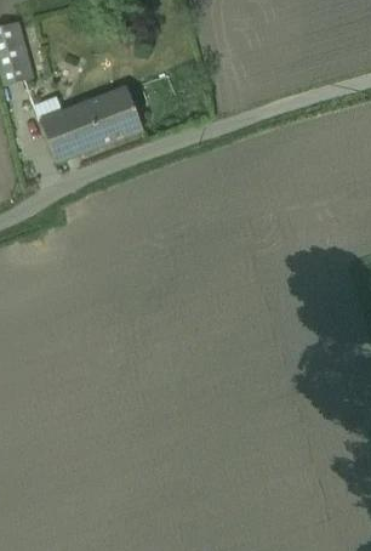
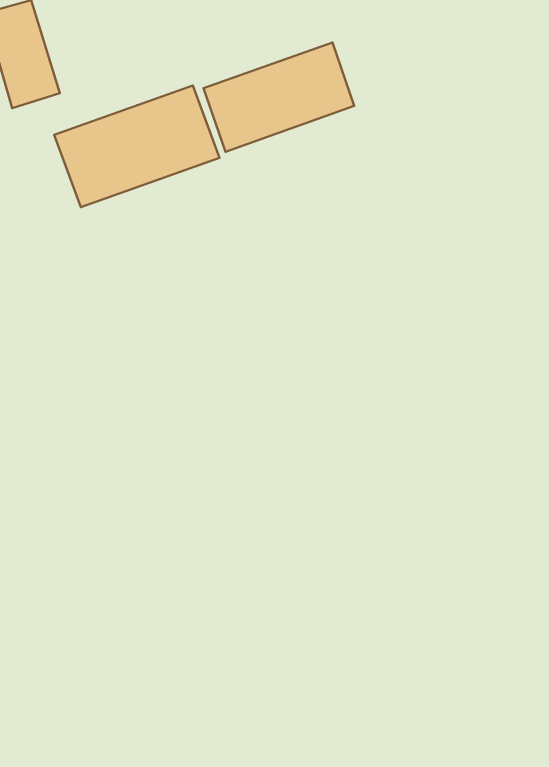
building: none -> [204,42,354,152]

